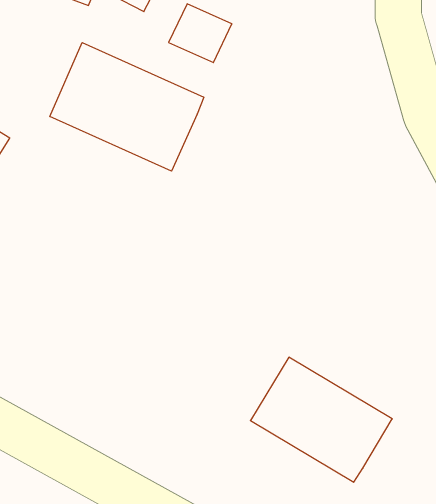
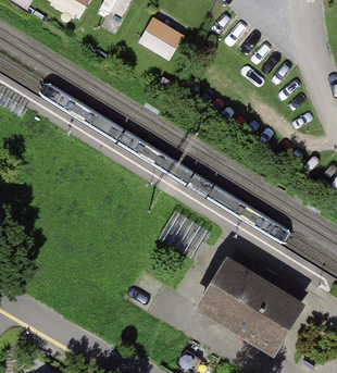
building: [50,43,204,171] -> none

